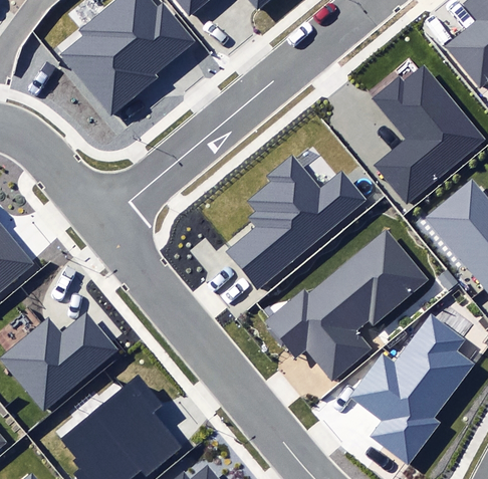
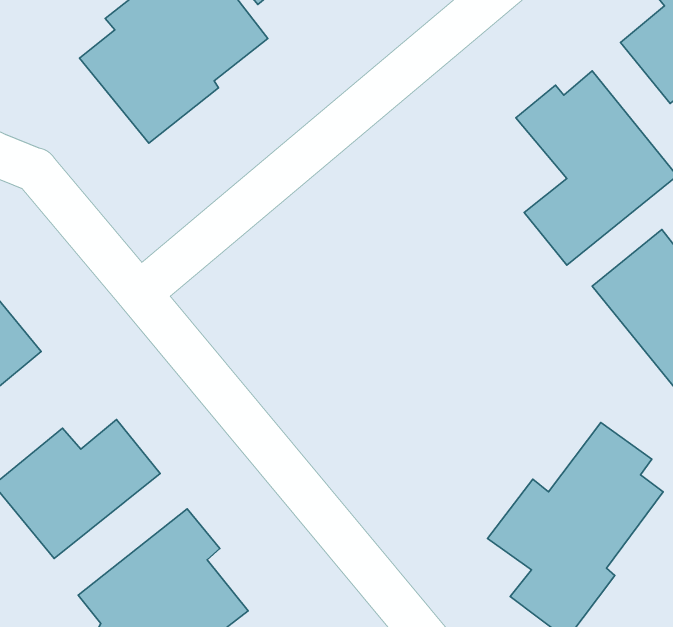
building: [228,154,368,289] -> none
building: [265,229,429,377] -> none

